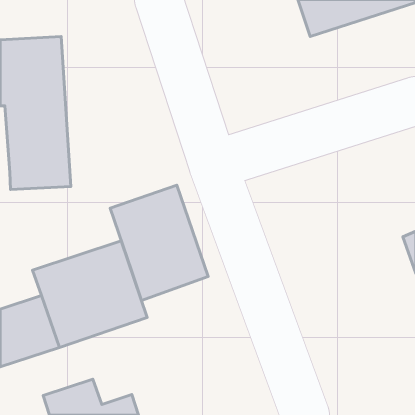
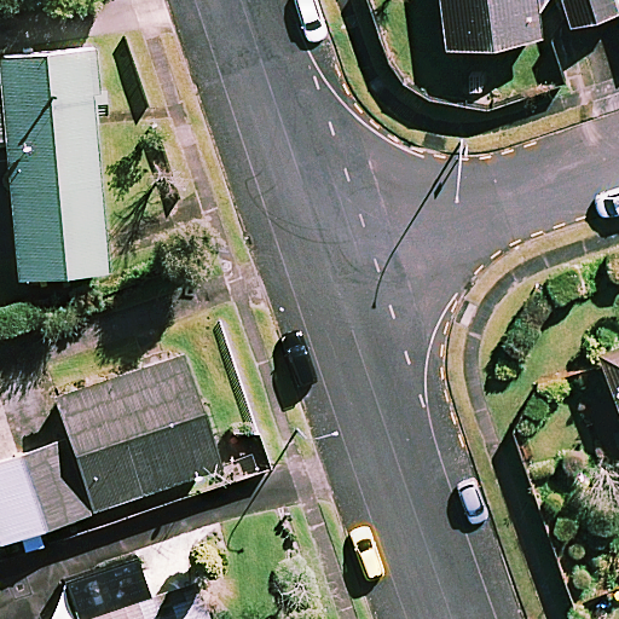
building: [110,185,208,301] -> none

